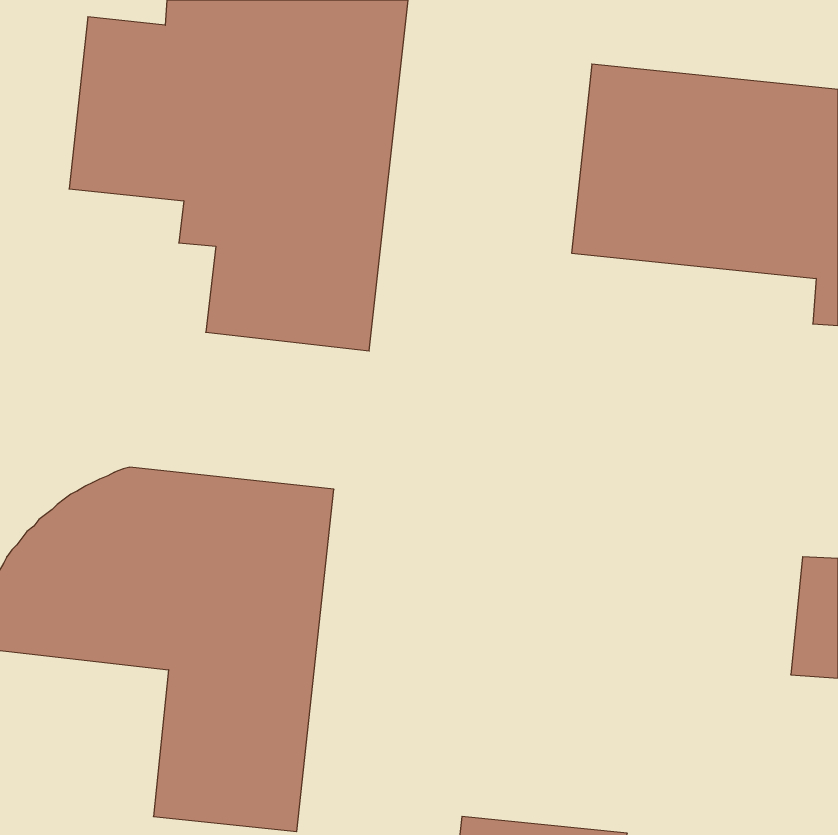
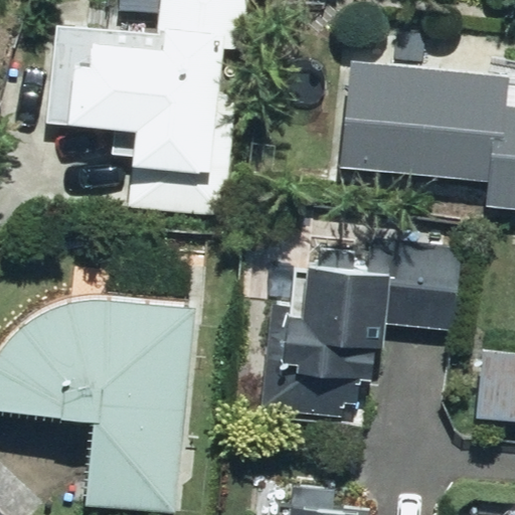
building: none -> [285,242,459,406]

